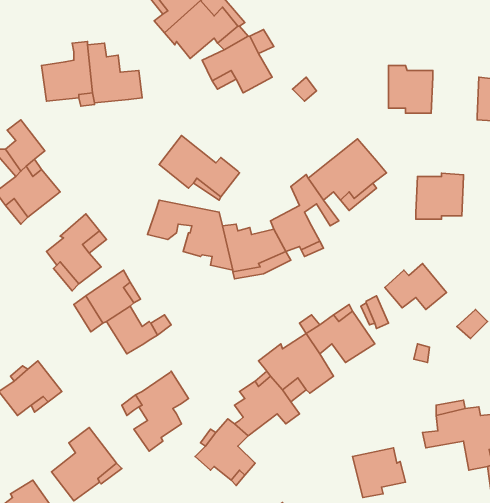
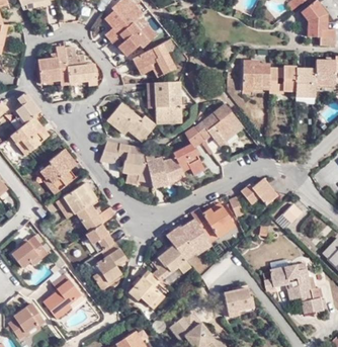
building: none -> [152,81,180,120]
building: [416,173,464,219] -> [268,66,297,93]
building: none -> [85,226,113,254]

